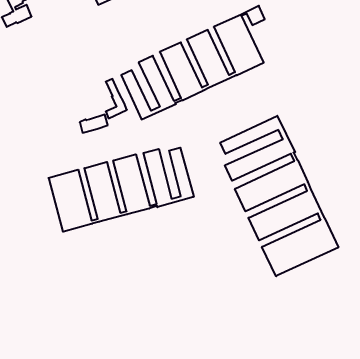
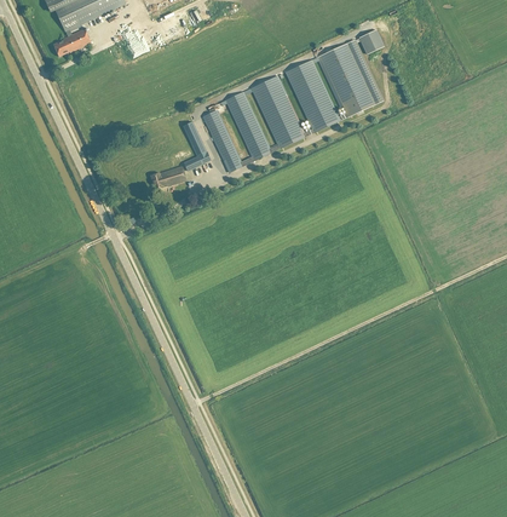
building: [220,116,338,276] -> none
building: [48,148,194,232] -> none

